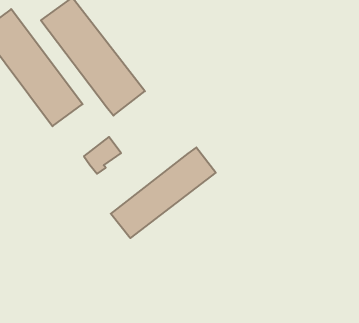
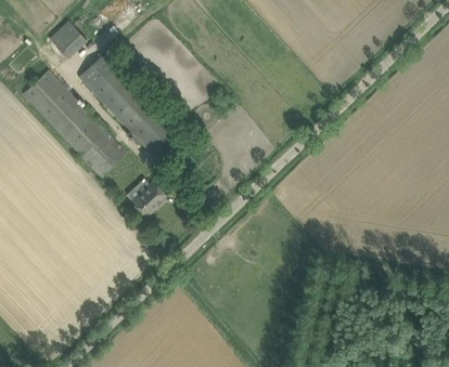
building: [111,147,216,238] -> none

